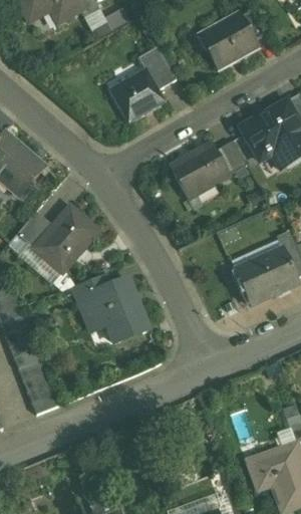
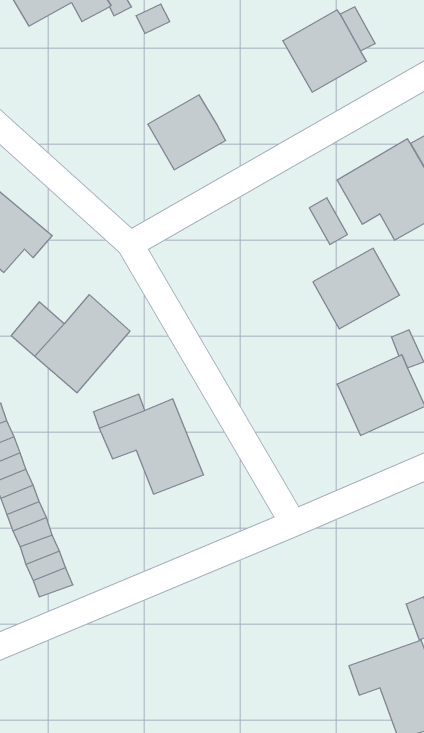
building: [137,46,176,89] -> none
building: [170,143,229,198] -> [313,248,400,329]

